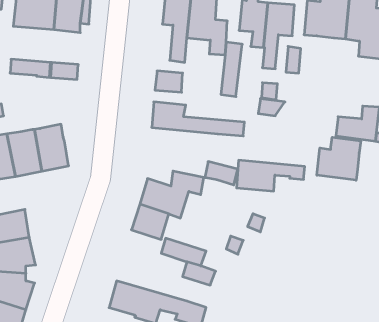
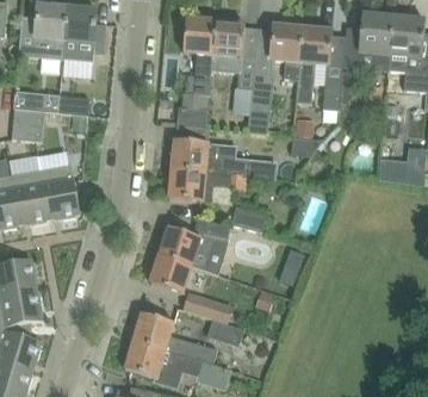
building: none -> [11,107,43,141]
building: [317,137,361,180] -> none
building: [237,160,305,191] -> [169,168,246,203]
building: none -> [132,314,216,362]

